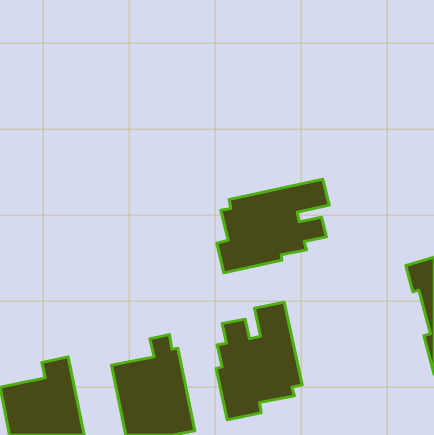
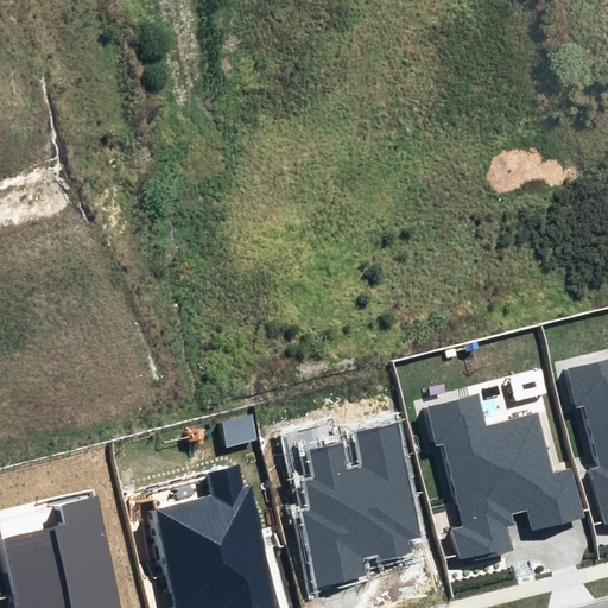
building: [217,179,329,273] -> none
building: none -> [426,395,581,559]

